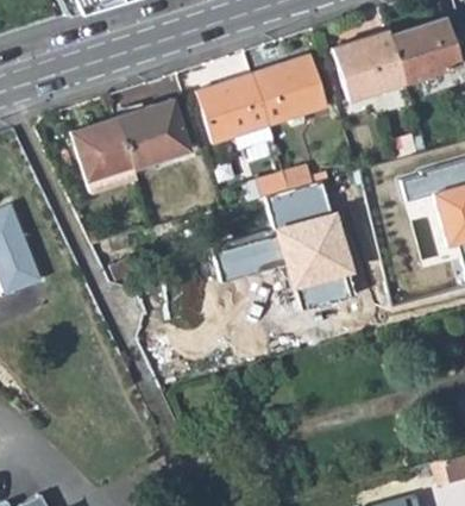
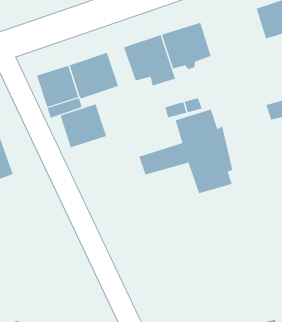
building: [331,29,404,100] -> none
building: none -> [60,103,107,148]

